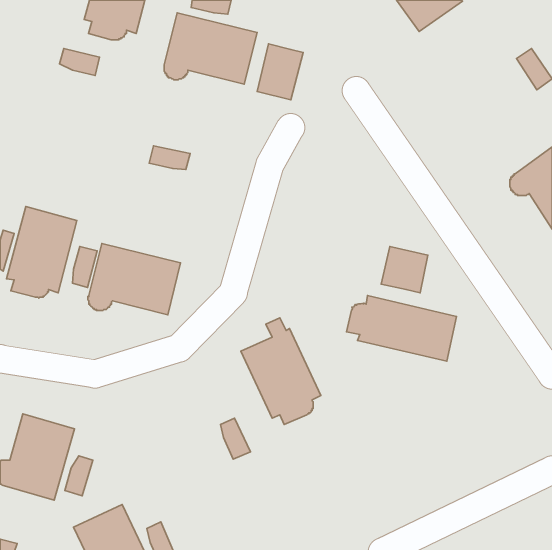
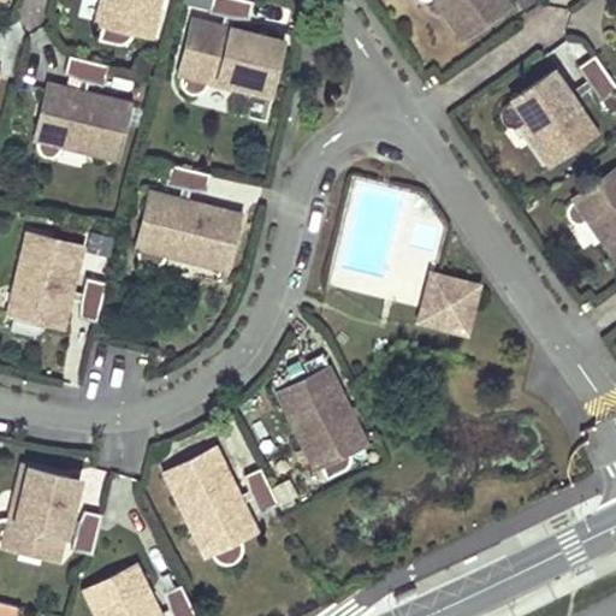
building: [257,44,303,100] -> none
building: none -> [504,70,603,167]
building: none -> [36,83,131,160]
building: [88,244,181,315] -> [138,191,242,271]
building: [346,295,456,361] -> none
building: none -> [164,446,256,563]

